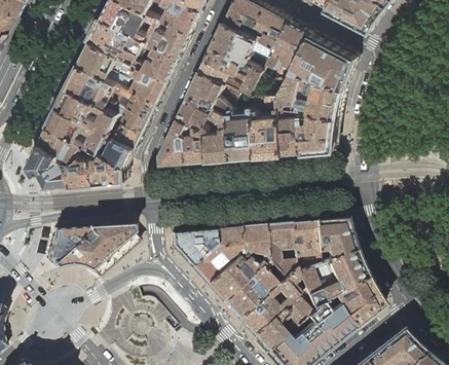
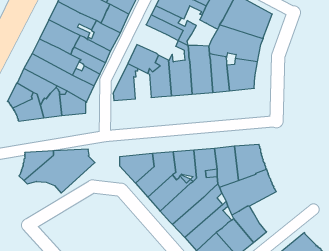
building: [190,69,241,113] -> none
building: [186,123,208,161] -> none
building: [330,277,380,327] -> none

